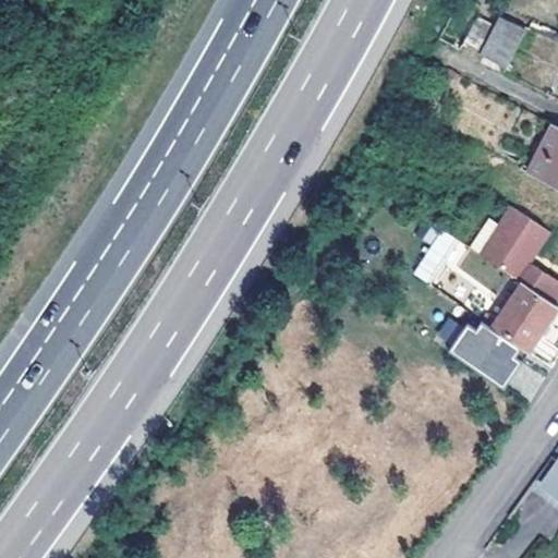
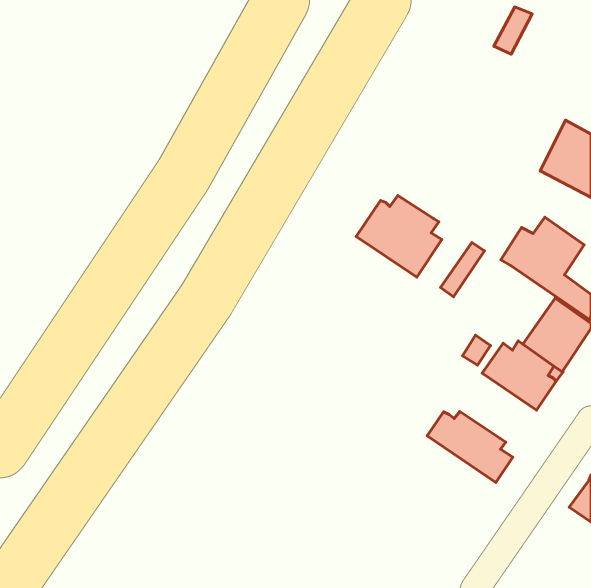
building: [482,15,529,68] -> none
building: none -> [356,195,442,277]
building: none -> [427,411,513,482]

